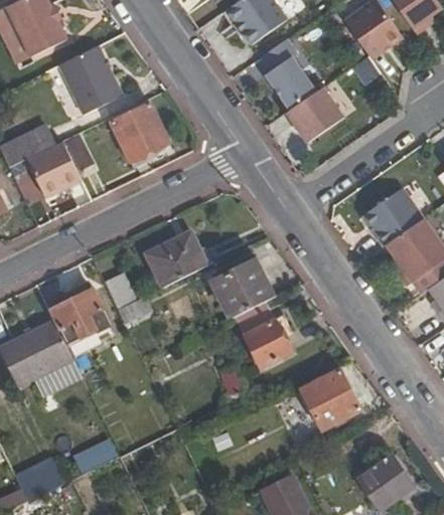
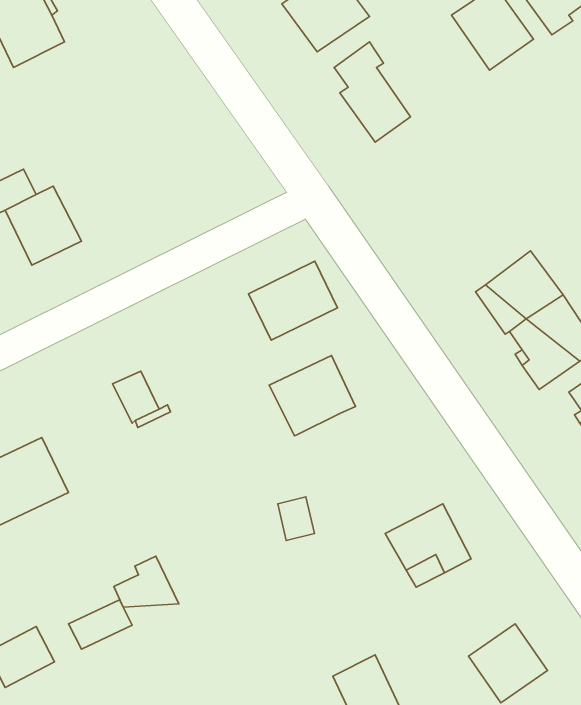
building: [59,46,121,114] -> none
building: [286,87,344,143] -> none
building: [111,104,167,162] -> none
building: [146,231,209,288] -> [249,261,338,340]
building: [51,282,103,336] -> none
building: [236,303,290,367] -> none
building: none -> [114,556,179,607]

